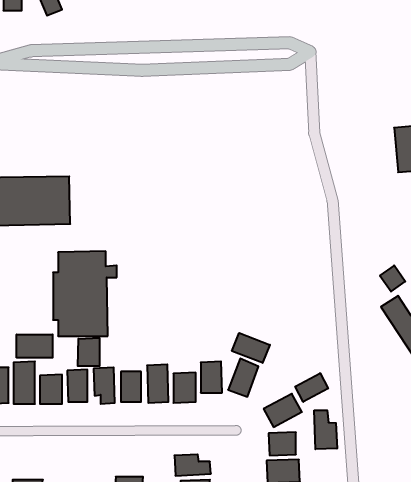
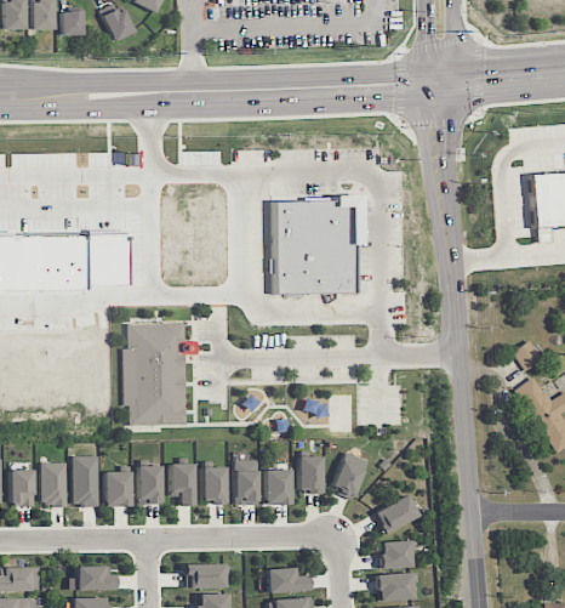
building: none -> [273,200,355,294]
building: [232,333,270,363] -> none
building: [17,334,53,358] -> none
building: [78,338,99,366] -> none
building: [295,373,328,402] -> none
building: [314,410,337,449] -> none
building: none -> [186,563,226,587]
building: none -> [70,566,120,590]

